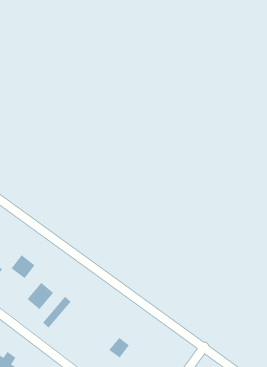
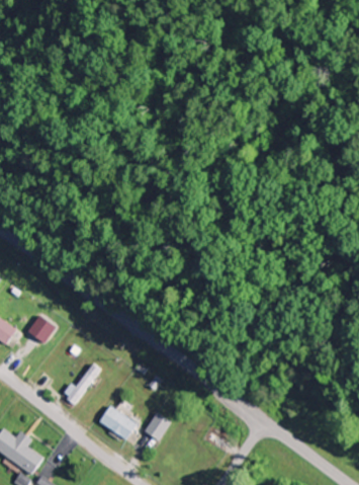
building: [26,282,54,310] -> none
building: none -> [99,405,137,440]

